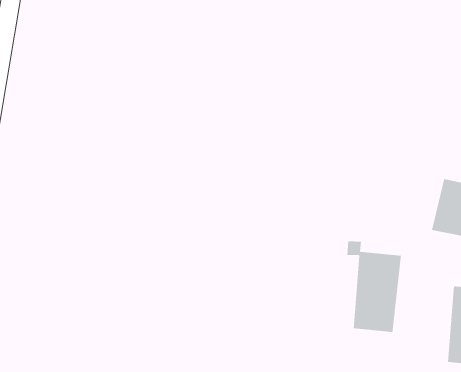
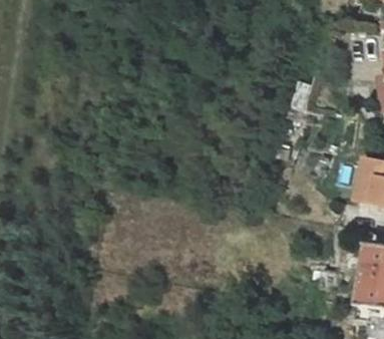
building: [347,241,401,333] -> none

